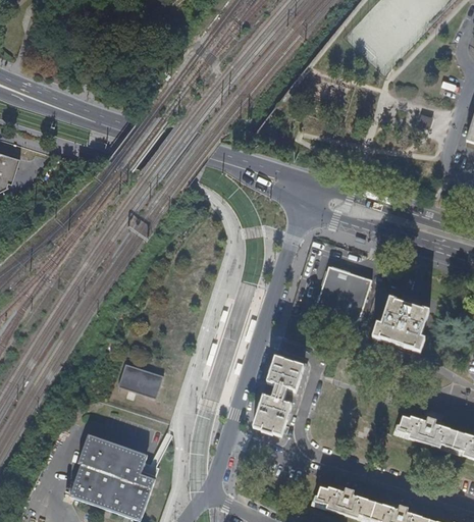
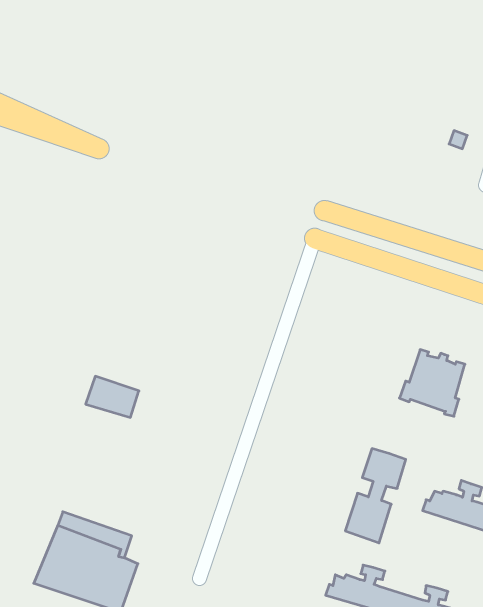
building: [316,264,371,323] -> none
building: [253,359,304,438] -> [345,449,406,543]
building: [120,364,165,399] -> [86,376,139,417]

